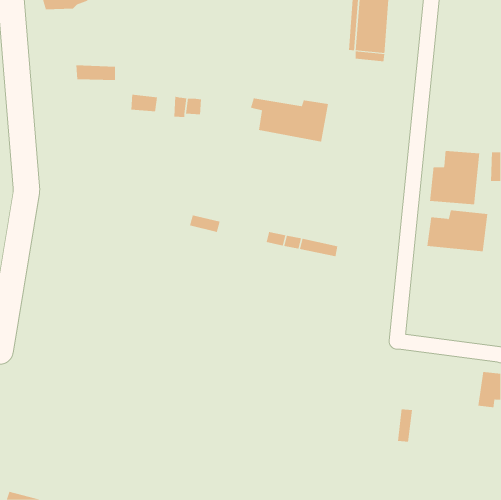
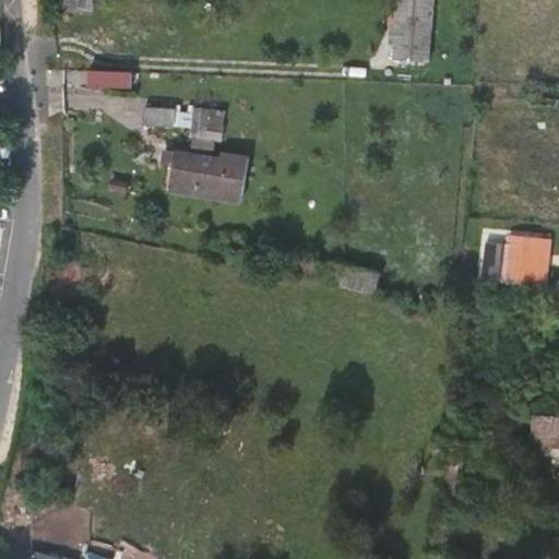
building: [250,98,329,142] -> [163,151,250,200]
building: [429,150,480,205] -> none

